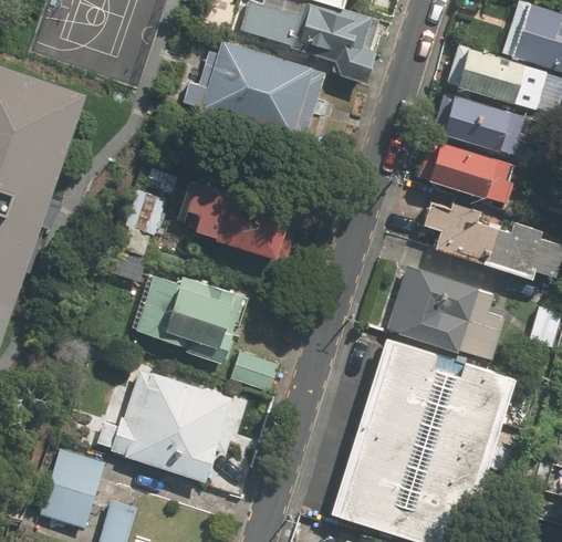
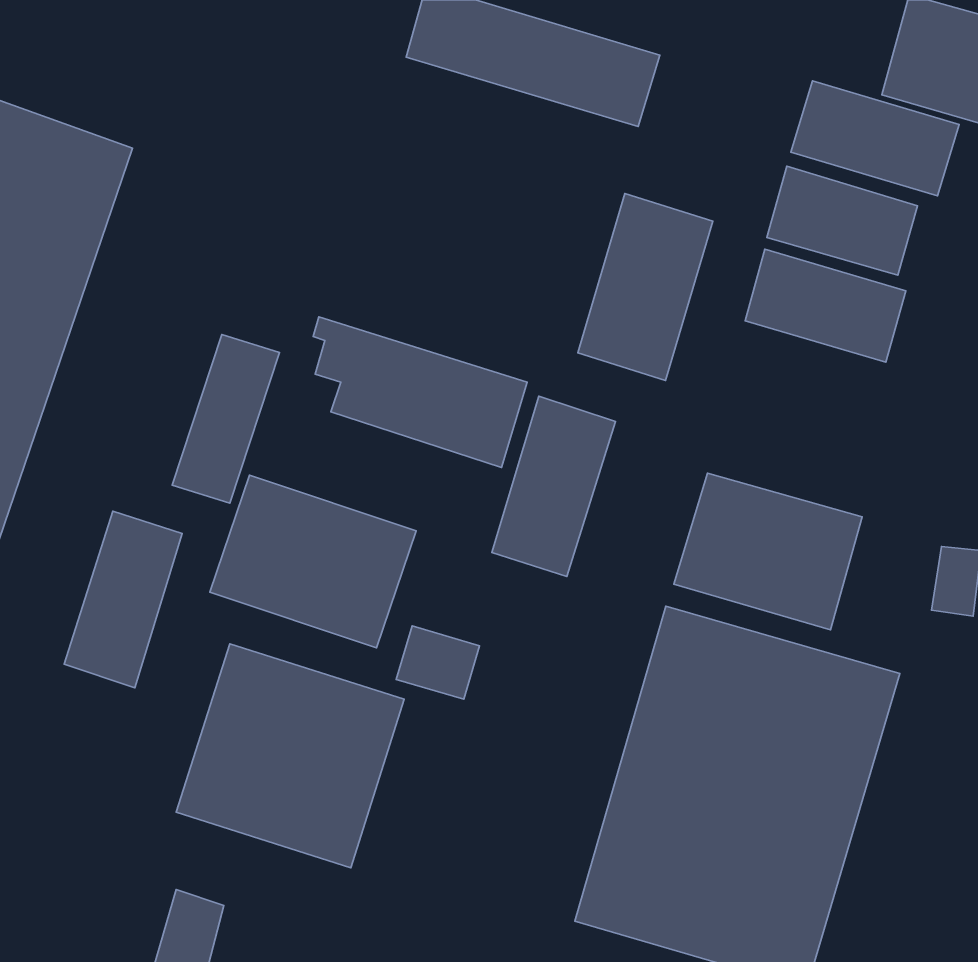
building: [183,44,323,138] -> none
building: none -> [578,194,713,380]
building: [434,202,547,279] -> none
building: none -> [492,396,616,576]
building: none -> [64,511,182,688]
building: [41,449,104,527] -> none

